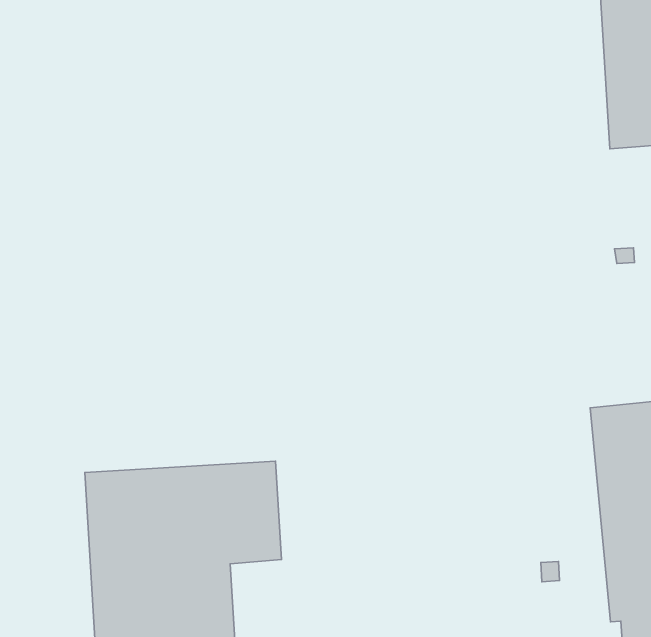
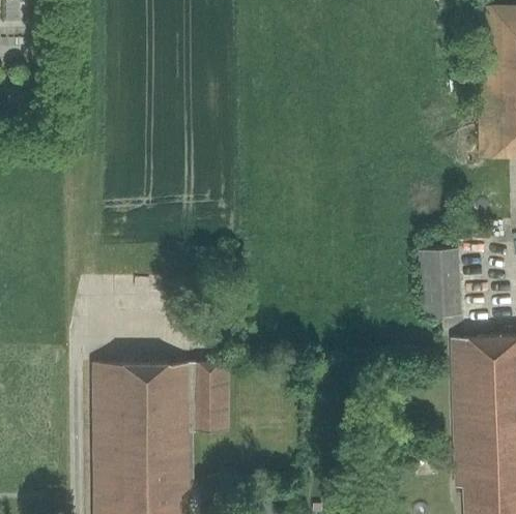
building: none -> [419,248,462,318]

